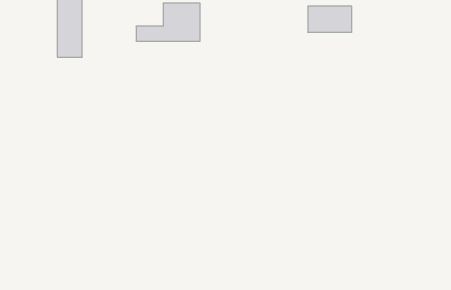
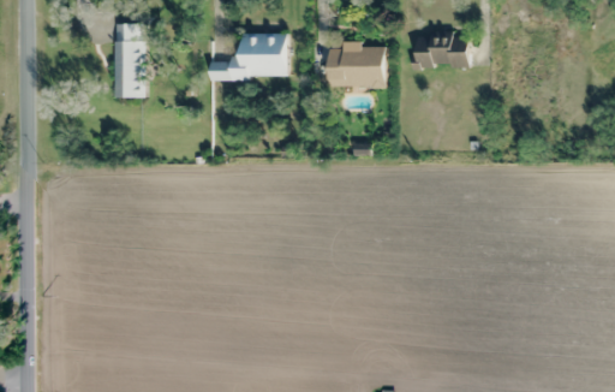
building: none -> [329,42,384,87]

